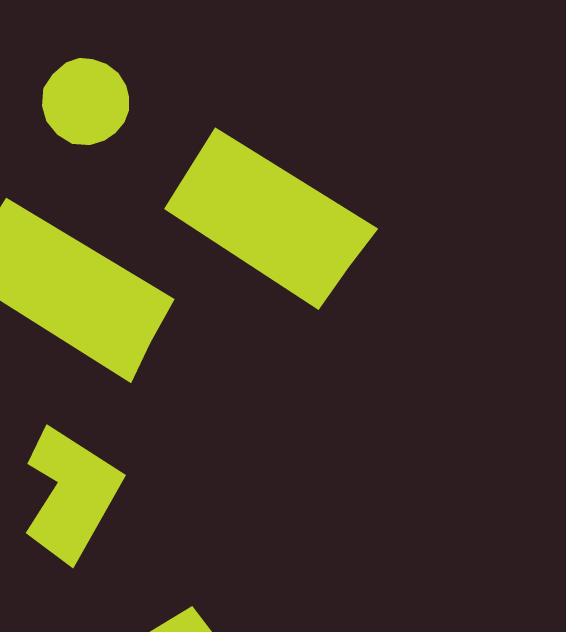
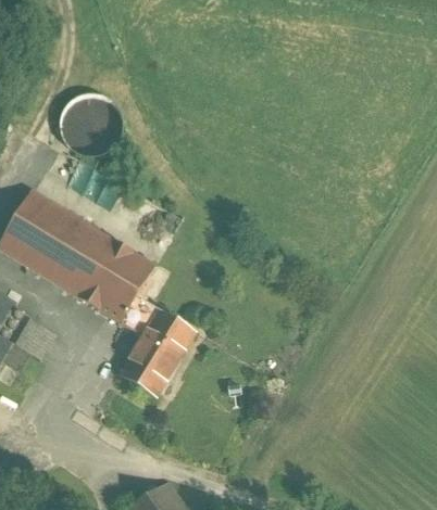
building: [163,126,380,311] -> none
building: [25,423,127,570] -> [120,294,192,398]

